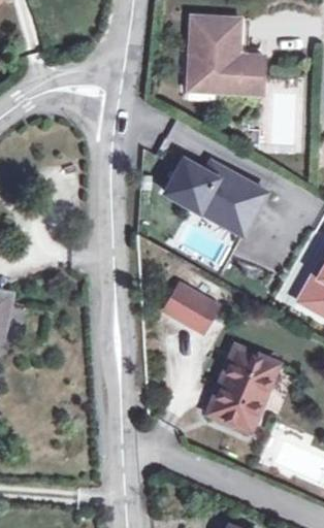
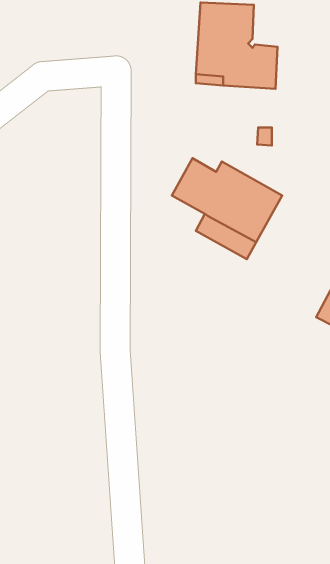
building: [163,285,215,332] -> none
building: [209,346,277,429] -> none

